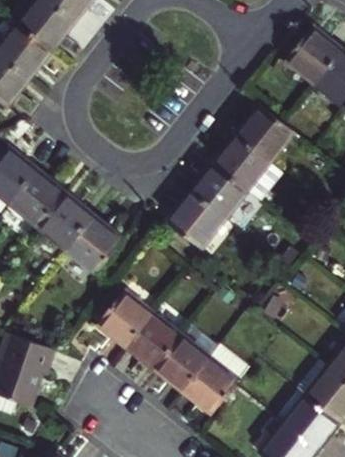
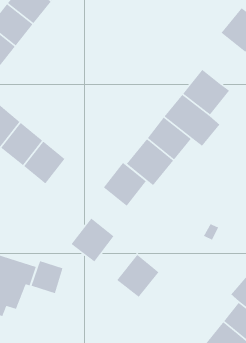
building: [66,217,121,273] -> [103,162,147,207]
building: [127,313,180,368] -> none
building: none -> [30,260,64,294]
building: [182,344,249,414] -> none

